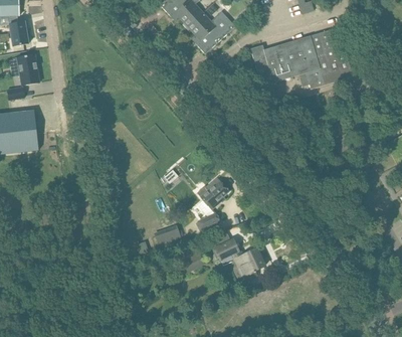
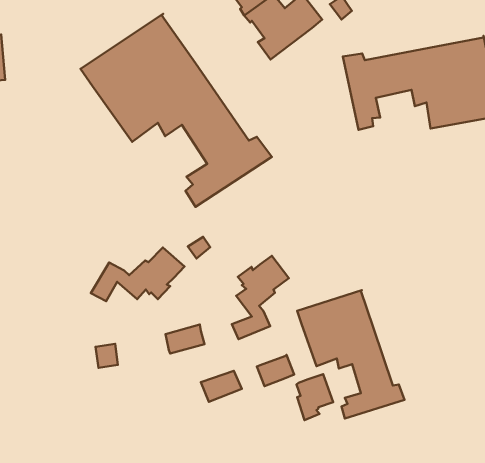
building: none -> [81,14,272,207]
building: none -> [91,247,184,301]
building: none -> [297,290,405,419]

